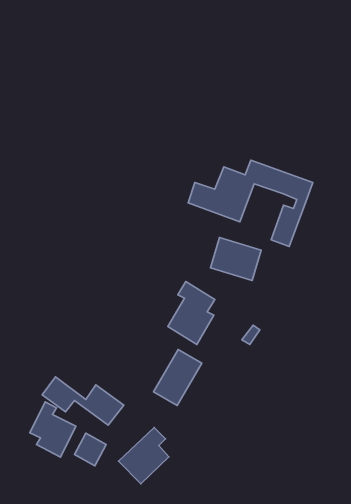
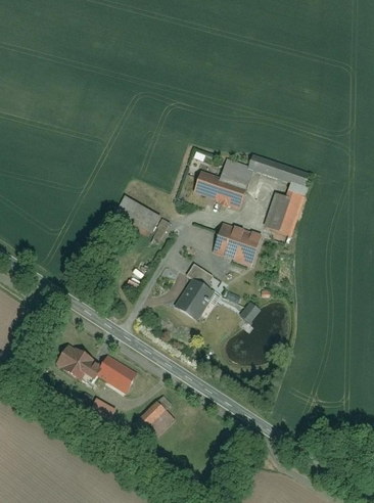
building: none -> [113,196,158,231]
building: [154,349,202,406] -> none
building: [30,402,76,457] -> none

